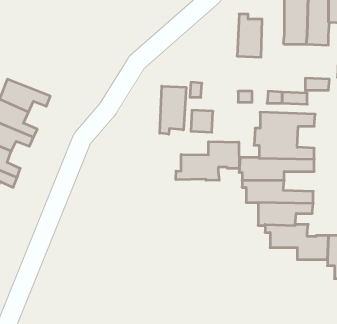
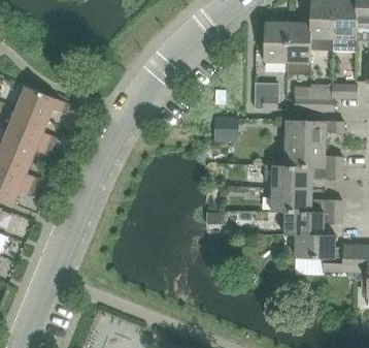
building: none -> [286,20,310,75]
building: [160,86,186,134] -> none
building: [176,142,239,180] -> none

